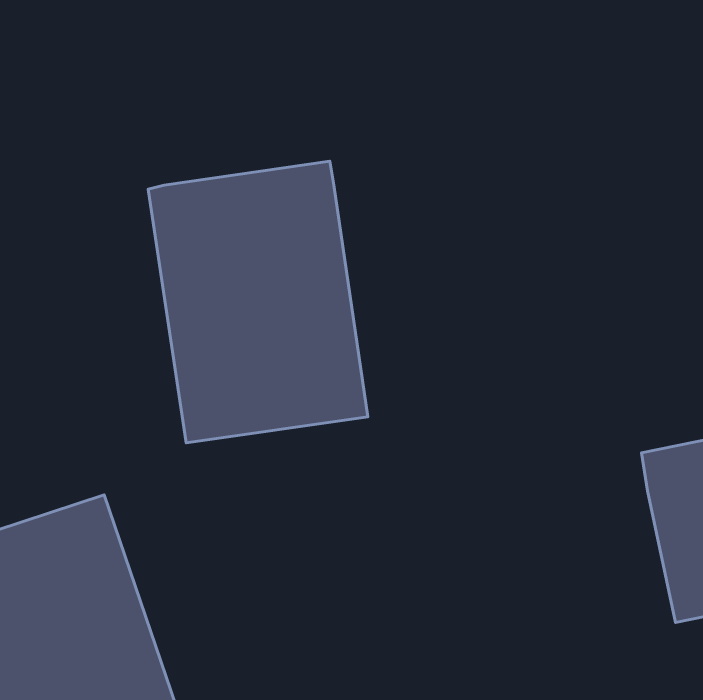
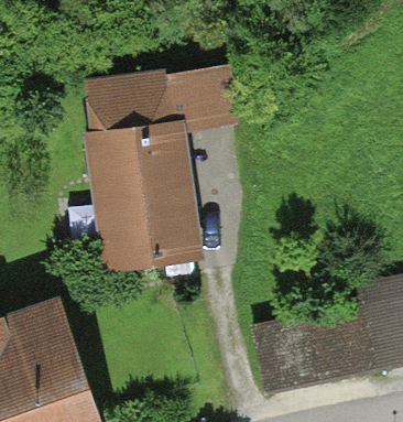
building: none -> [84,64,237,132]
building: none -> [250,301,373,397]

